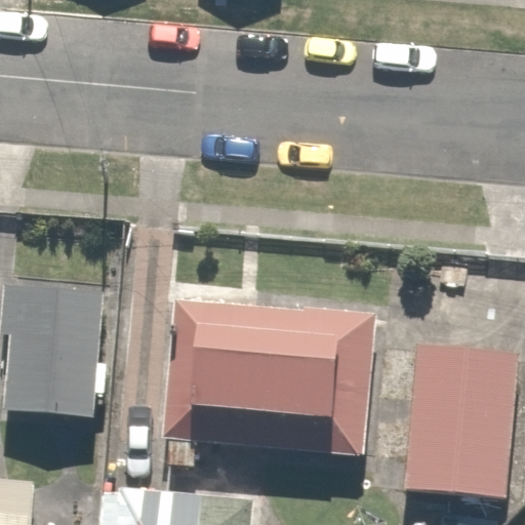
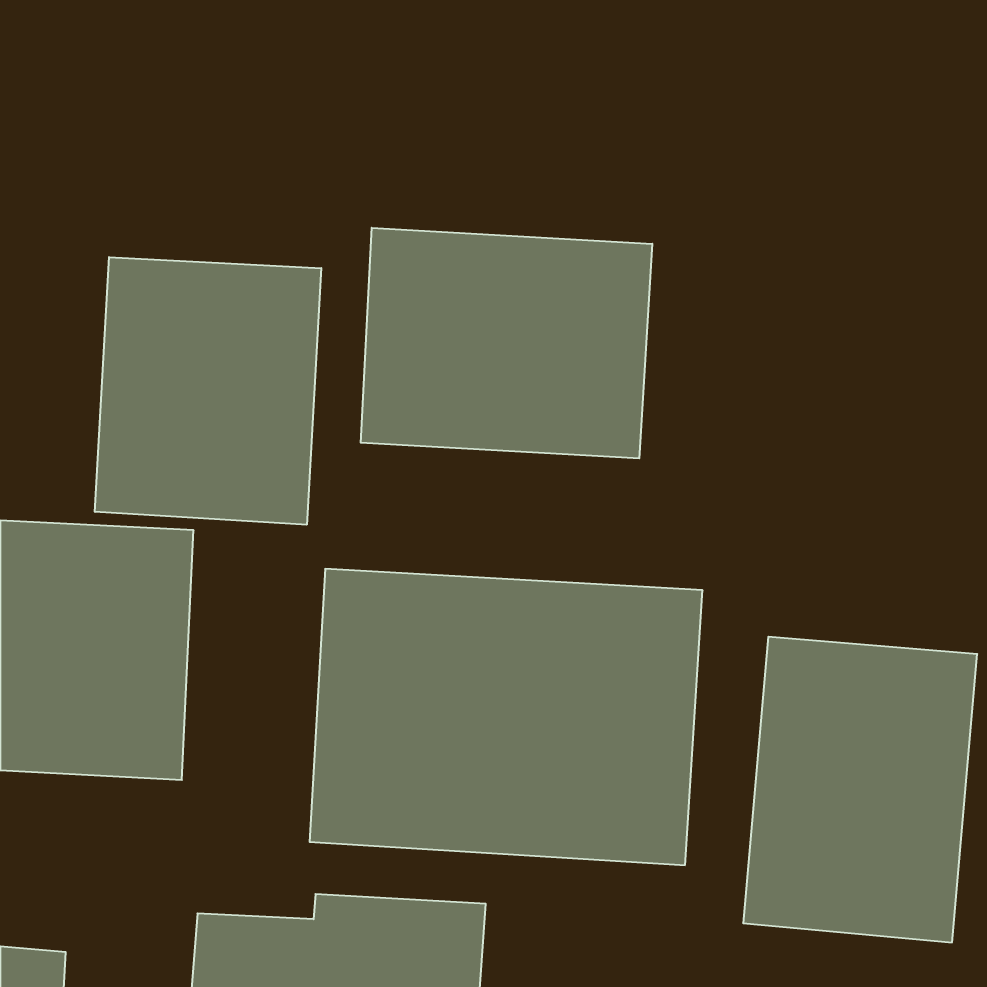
building: none -> [361,228,652,458]
building: none -> [95,257,321,525]

